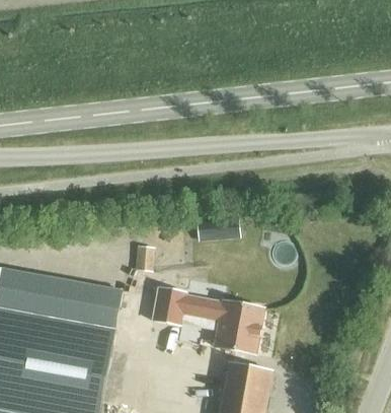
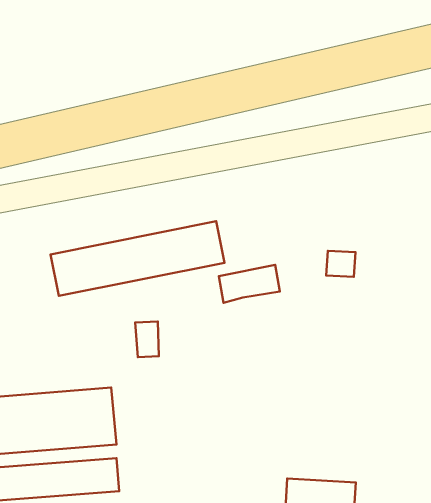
building: none -> [51,221,225,296]
building: [152,287,263,353] -> none

